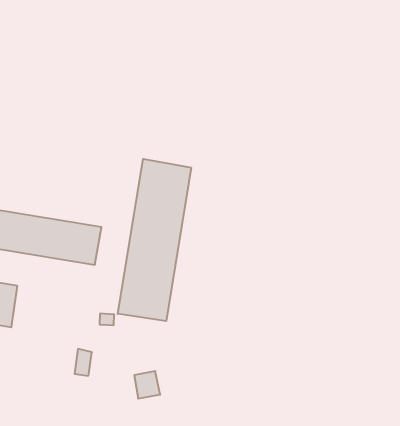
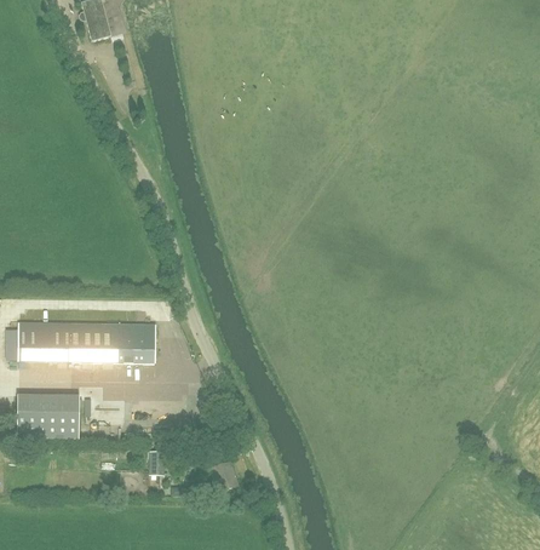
building: [118,159,191,321] -> none

